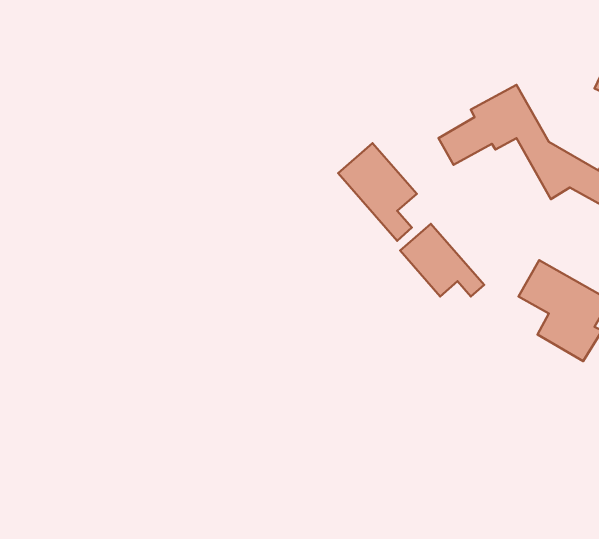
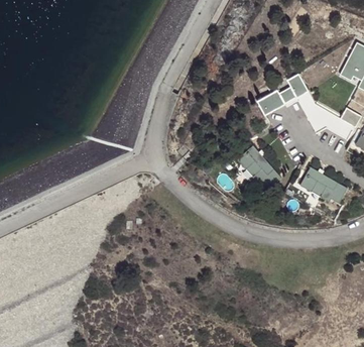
building: [338,143,417,241] -> none

